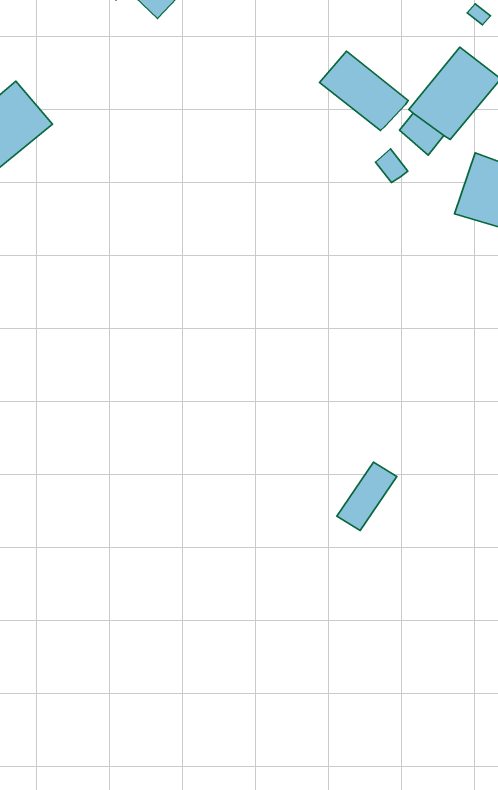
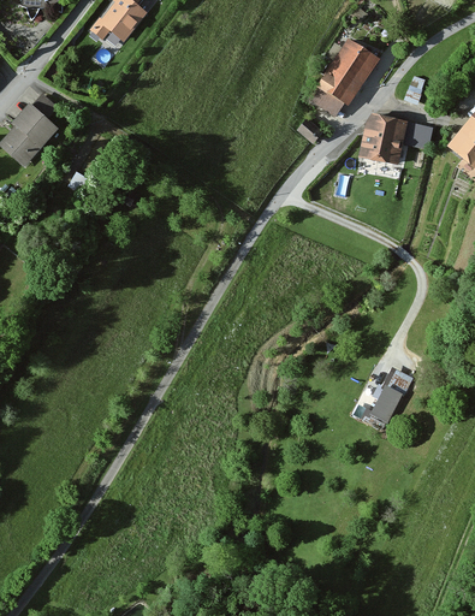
building: [319,51,408,131] -> none
building: [337,462,397,531] -> [367,372,406,422]

